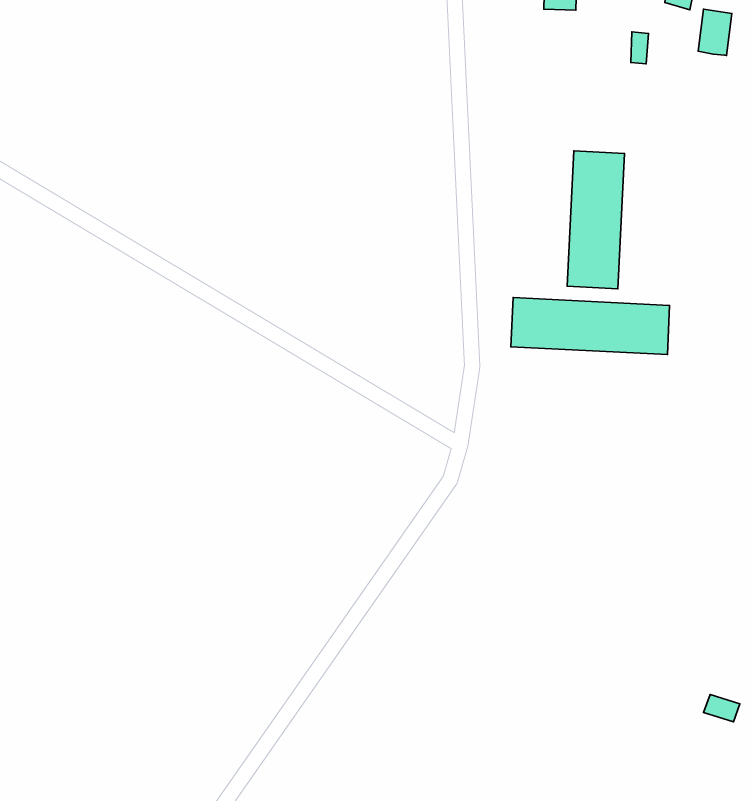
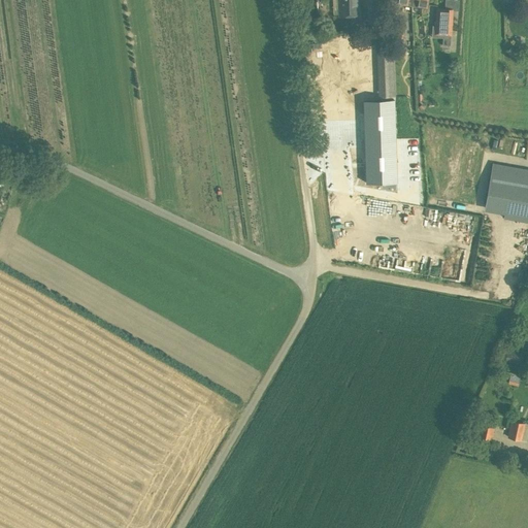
building: [511,298,670,355] -> none

